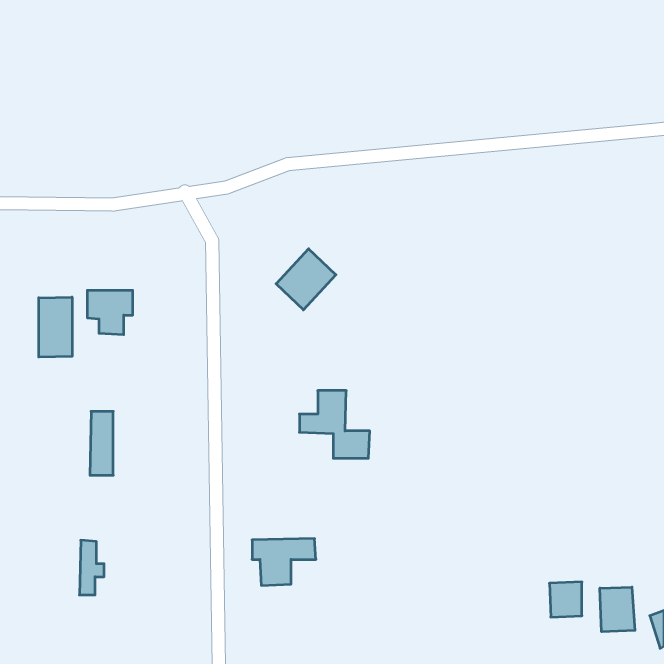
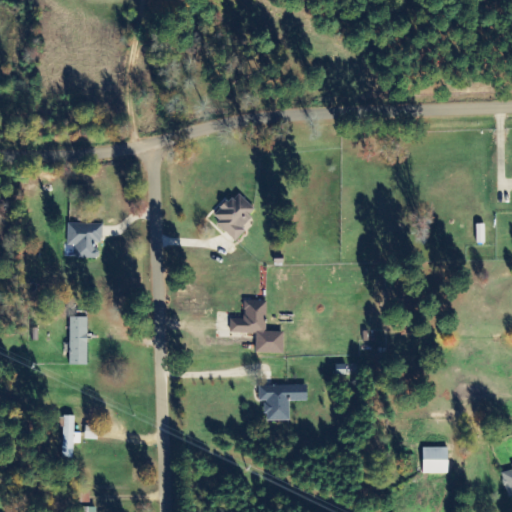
building: [39,297,72,357] -> none
building: [252,539,316,585] -> [259,384,308,420]
building: [600,587,635,632] -> none

